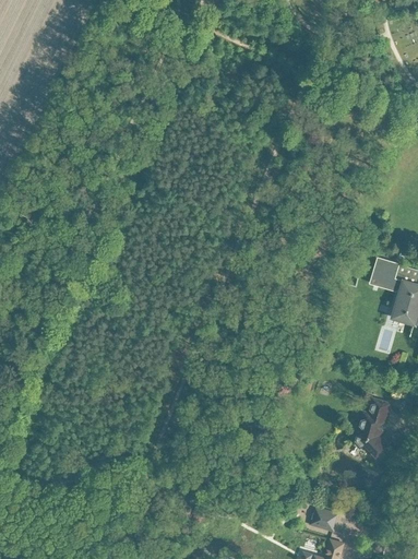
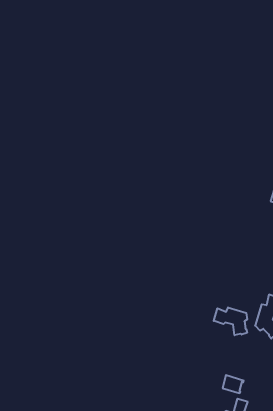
building: none -> [214,307,247,335]

